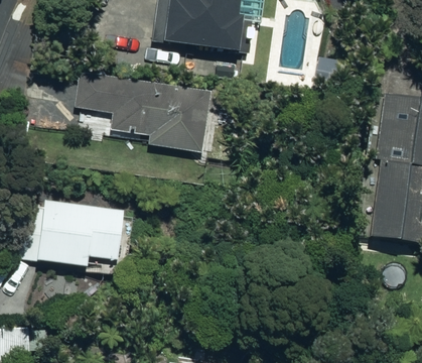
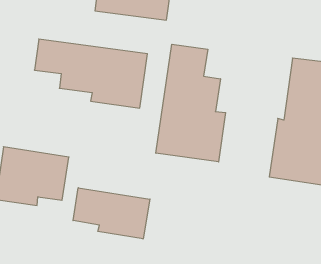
building: none -> [156,44,226,162]
building: none -> [73,188,150,239]

